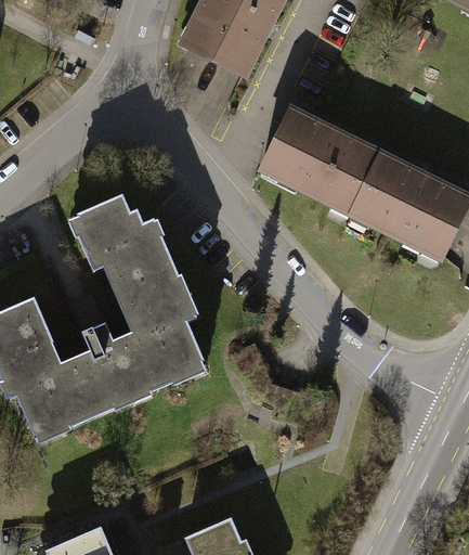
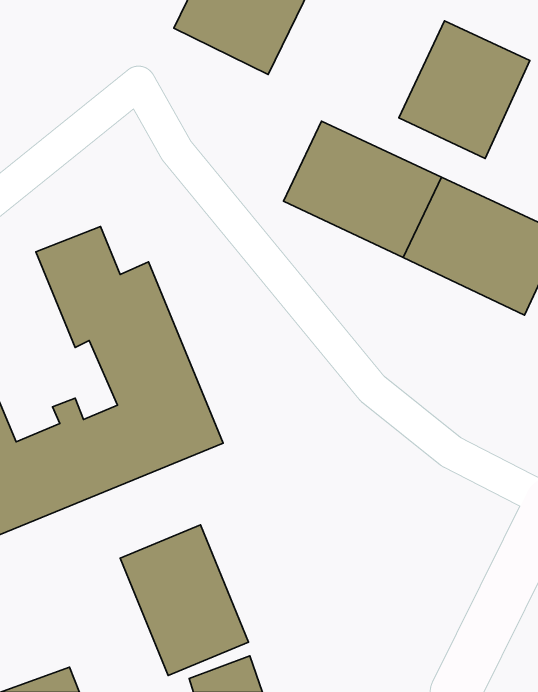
building: none -> [399,21,530,159]
building: none -> [120,525,249,675]

